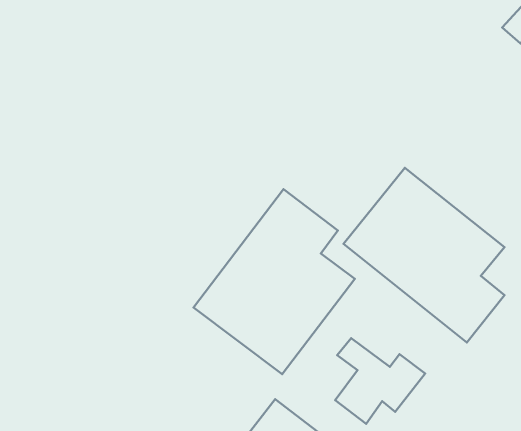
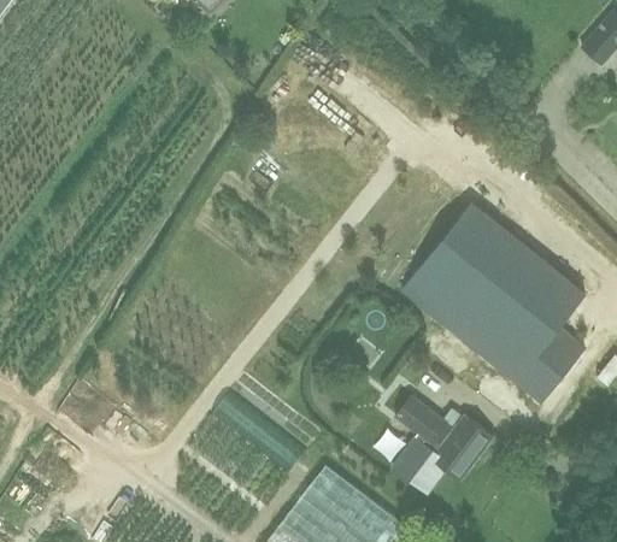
building: [194,189,355,374] -> none

